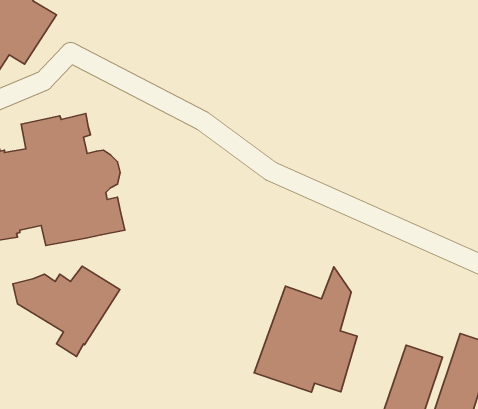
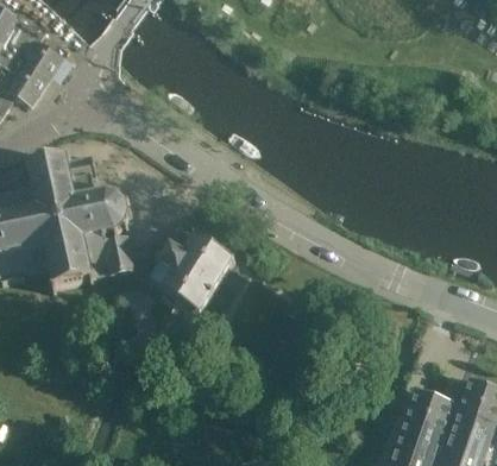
building: [13,266,120,357] -> [126,235,234,327]
building: [254,267,357,392] -> none

